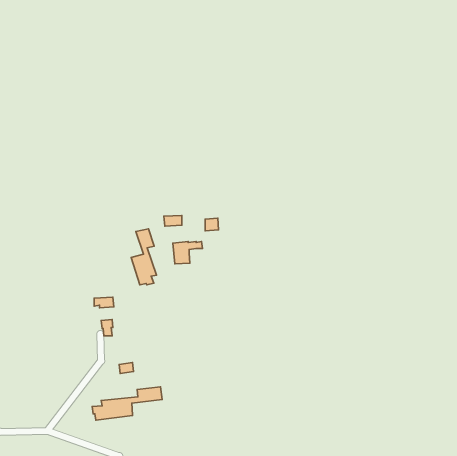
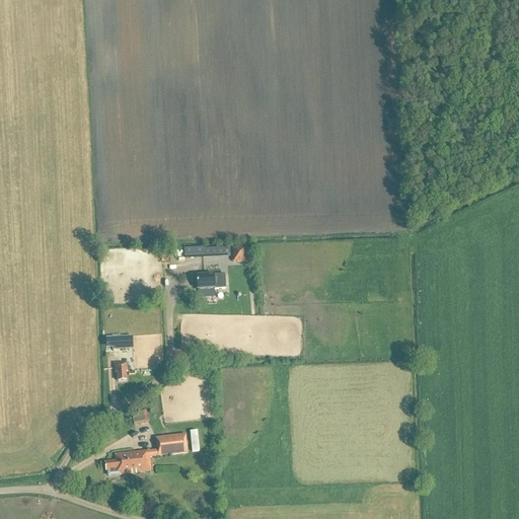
building: [131,229,157,285] -> none

